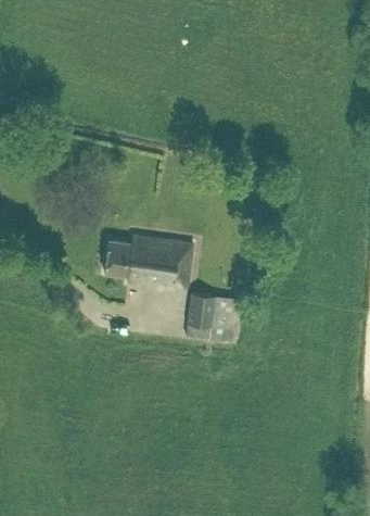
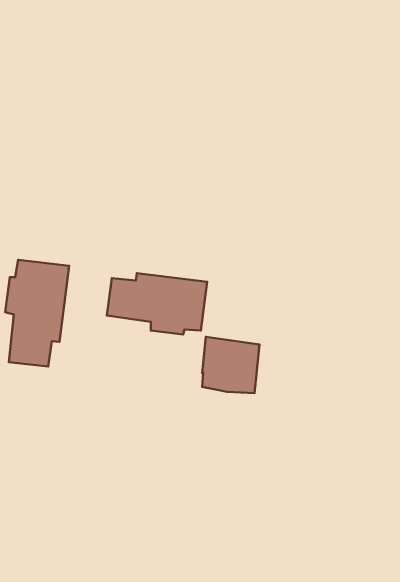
building: none -> [5,260,69,367]

